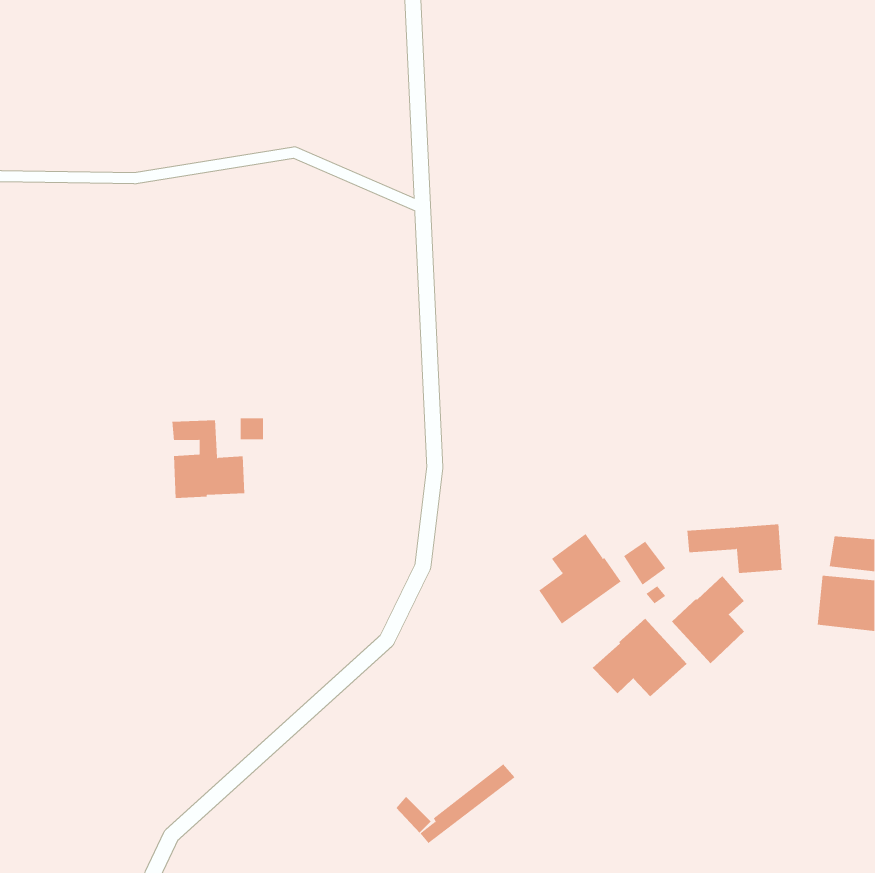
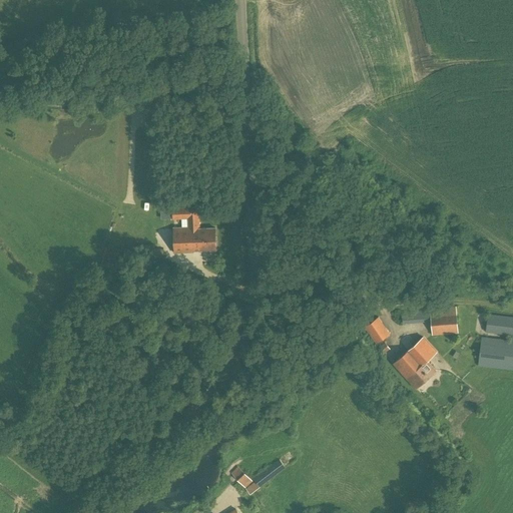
building: [171,420,245,499] -> [172,207,215,253]
building: [538,533,622,624] -> none
building: [592,618,688,697] -> none

